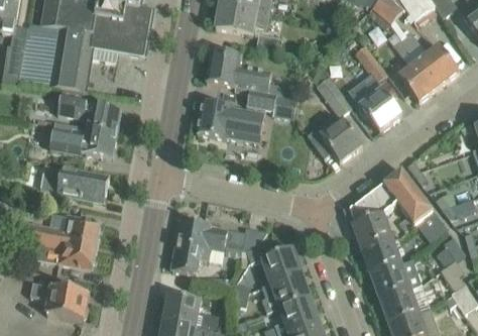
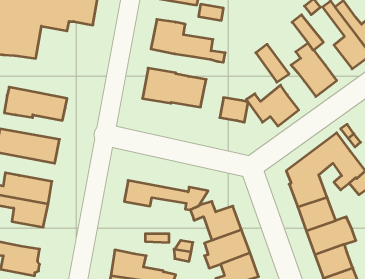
building: [246,88,276,114] -> [220,98,248,122]
building: [57,97,121,132] -> none
building: [172,237,250,273] -> none

